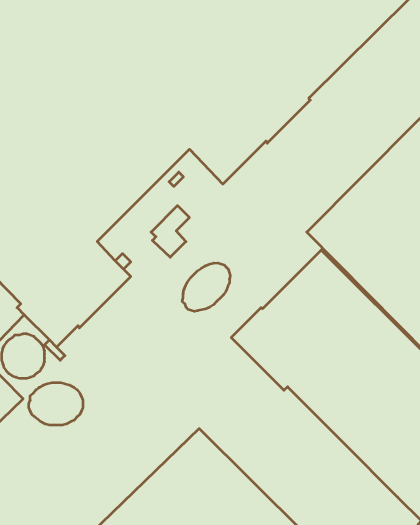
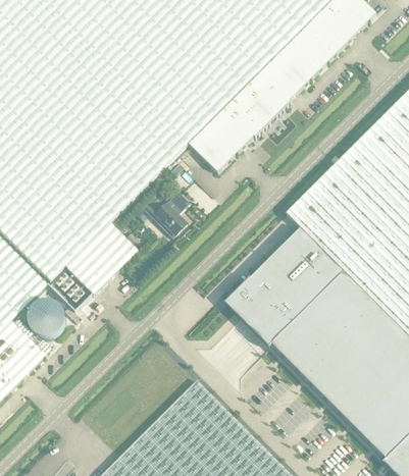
building: [182,263,230,311] -> none
building: [29,383,83,425] -> none

